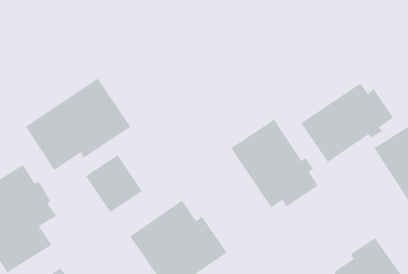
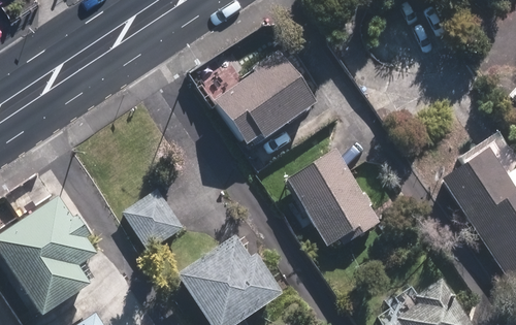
building: none -> [213,51,316,145]
building: [25,78,131,171] -> none
building: [300,83,394,163] -> none

